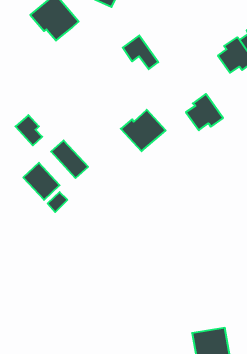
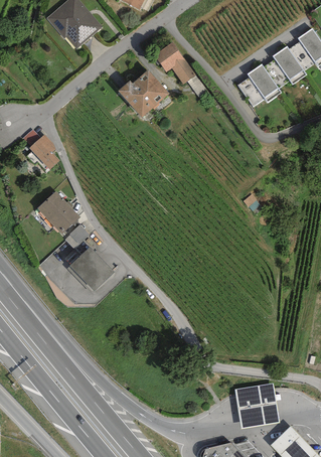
building: [186,94,223,130] -> [237,61,281,104]
building: [121,110,166,151] -> [117,69,169,118]
building: [51,140,88,178] -> none
building: none -> [66,246,113,289]

